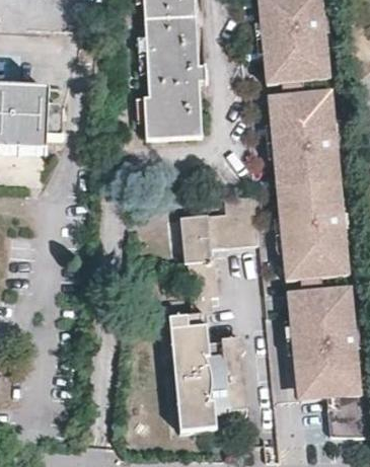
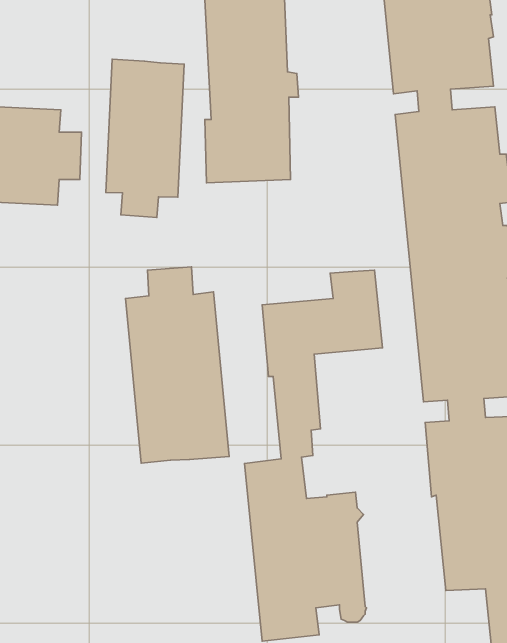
building: none -> [106,59,184,217]
building: none -> [125,267,229,463]

